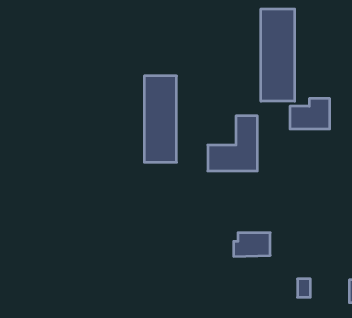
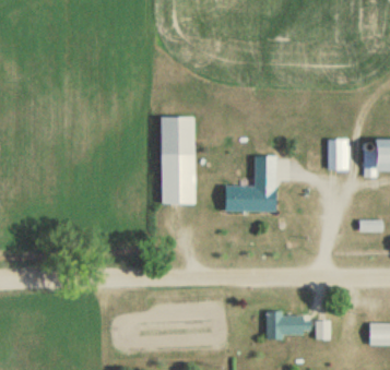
building: [261,9,295,101] -> none
building: [234,233,270,256] -> [269,314,306,338]

